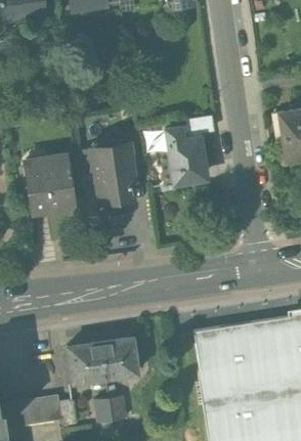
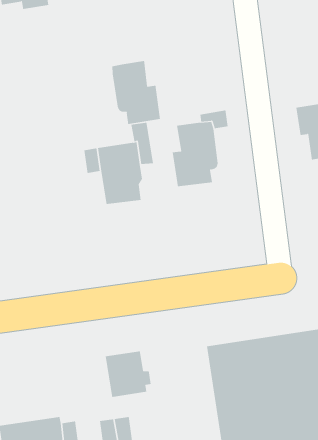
building: none -> [112,60,160,125]
building: [26,156,76,214] -> none
building: [62,342,105,385] -> none

